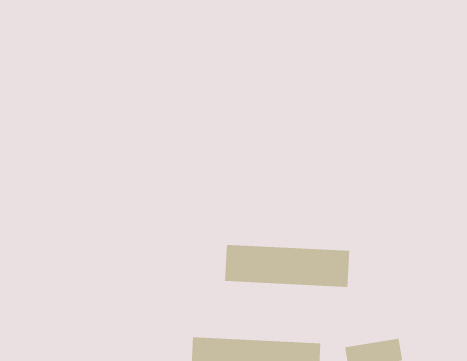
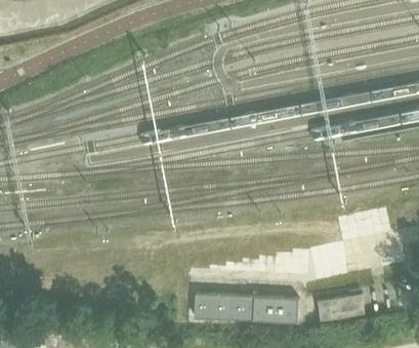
building: [224,244,350,288] -> none

